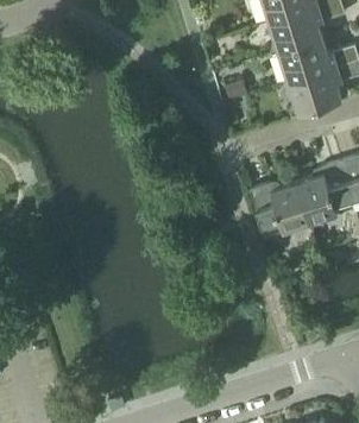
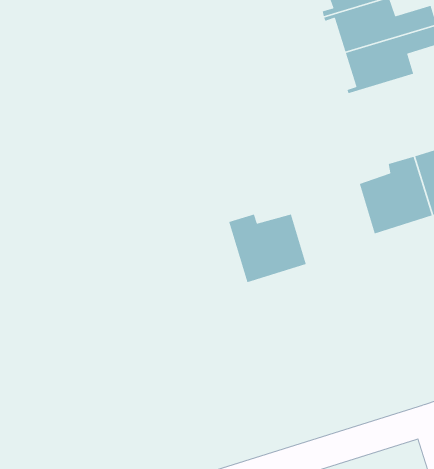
building: [250,183,310,236] -> [228,214,307,283]

